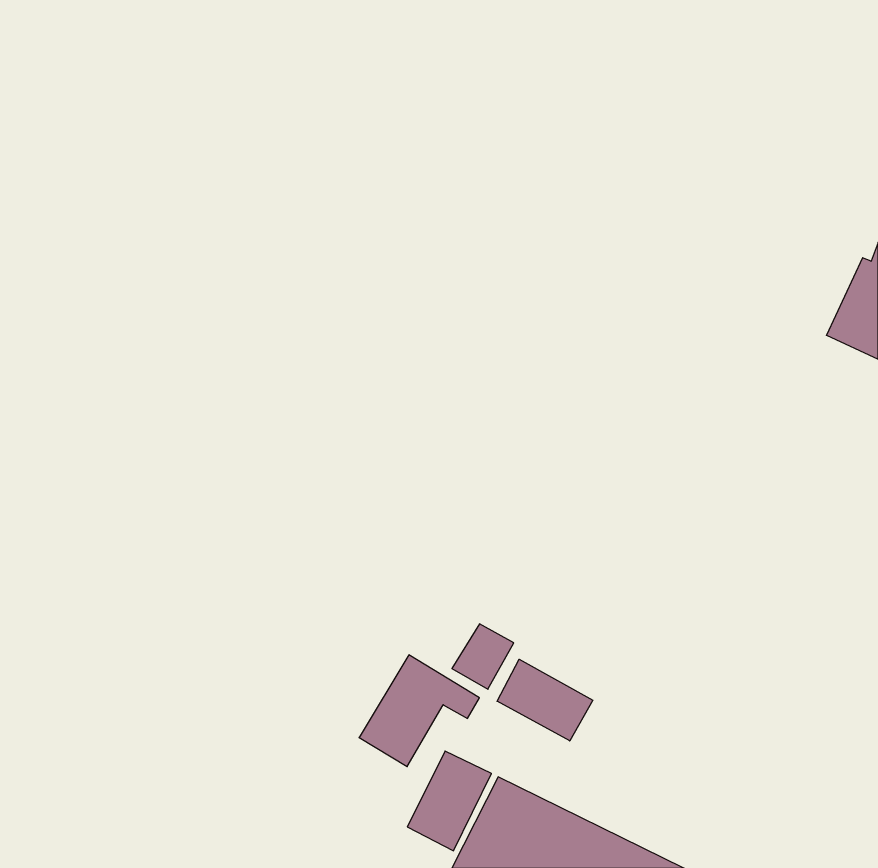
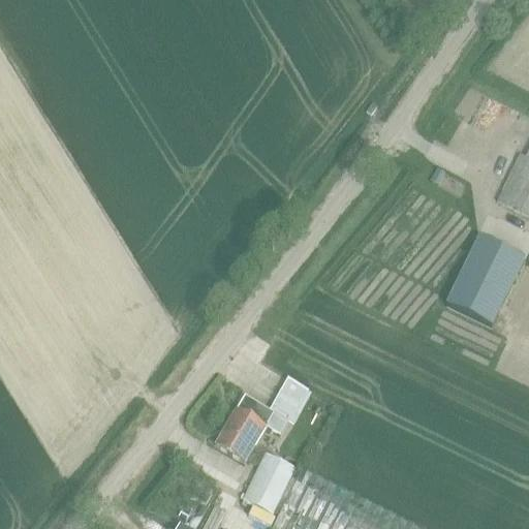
building: none -> [446,235,524,324]
building: [497,659,593,741] -> none

